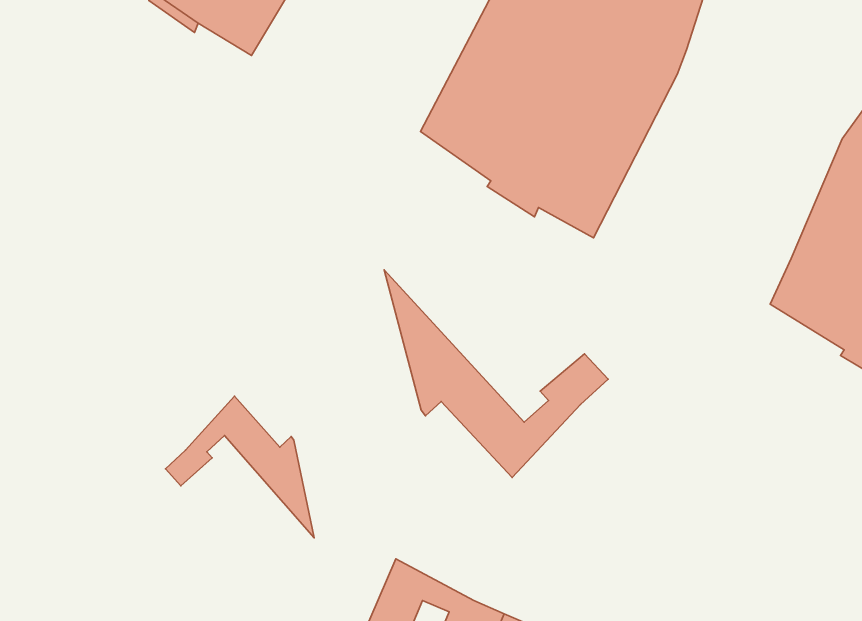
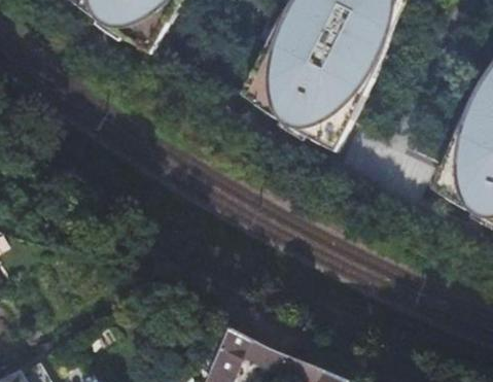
building: [384,270,608,477] -> none
building: [166,396,314,538] -> none

